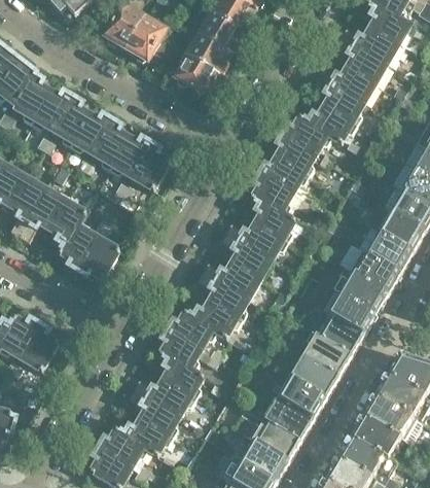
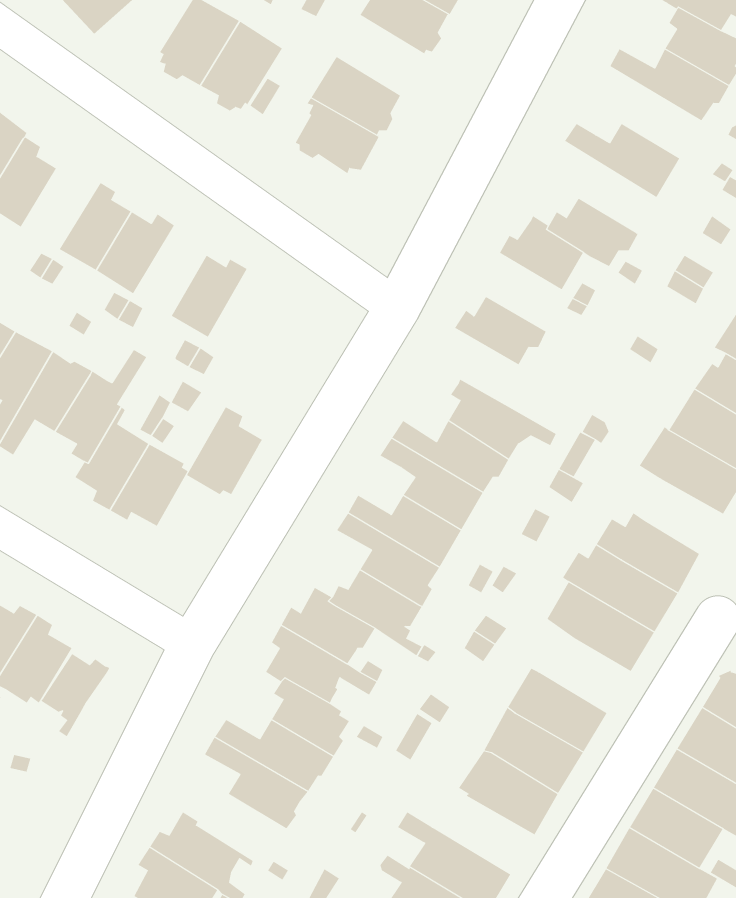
building: [198,10,244,53] -> none
building: [335,37,389,85] -> none
building: [312,76,365,125] -> none
building: [33,91,74,133] -> none
building: [92,120,130,168] -> none
building: [276,135,316,176] -> none
building: [131,143,171,189] -> [186,406,263,495]
building: [252,174,311,214] -> none
building: [345,246,400,292] -> none
building: [299,332,352,376] -> none
building: none -> [40,653,110,737]
building: [241,407,301,460] -> none
building: [124,418,172,454] -> none

